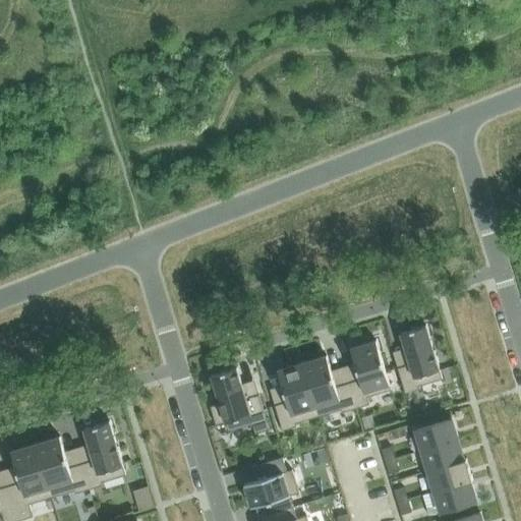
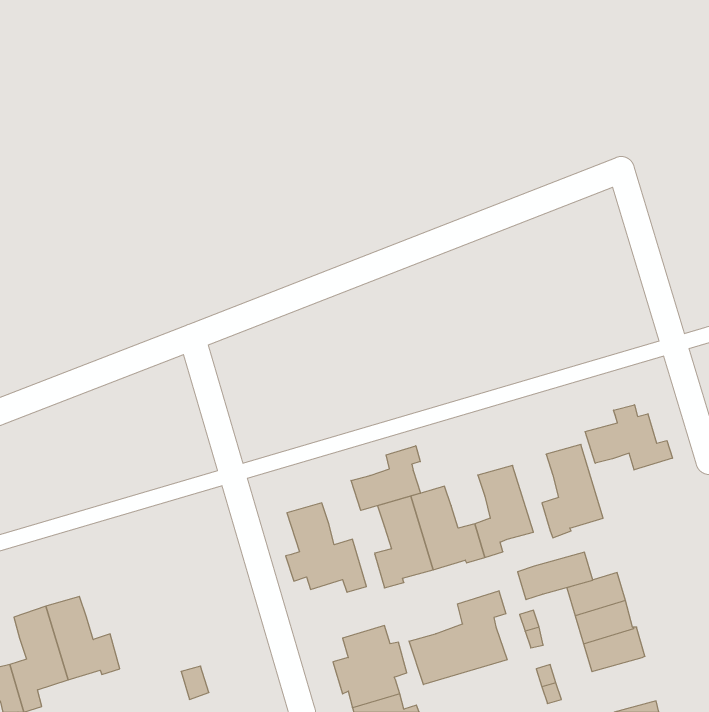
building: none -> [585,405,672,470]
building: none -> [351,446,421,510]
building: [80,420,124,488] -> none
building: none -> [409,591,507,685]
building: [420,480,475,515] -> [518,552,593,600]

